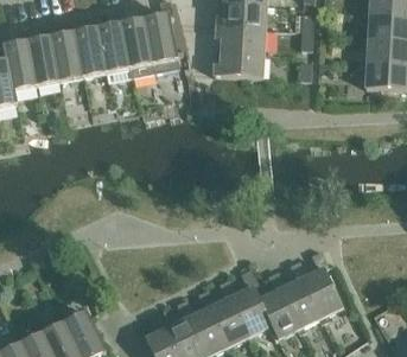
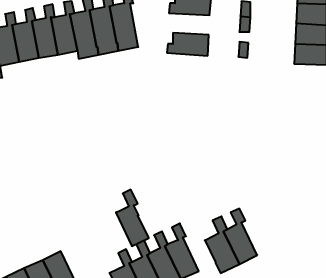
building: [216,26,265,52] -> none
building: [303,249,343,315] -> none
building: [233,267,272,334] -> [116,190,149,246]

